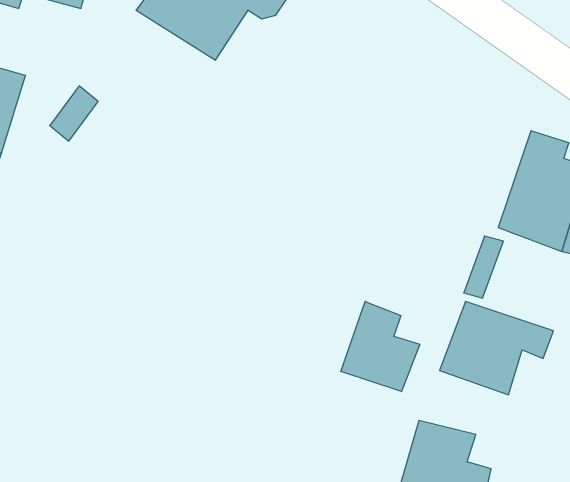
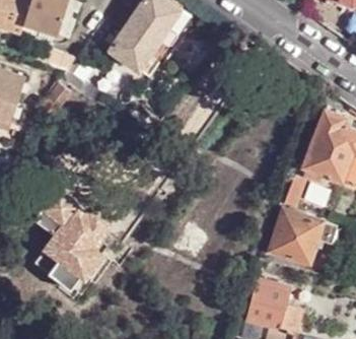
building: none -> [34,193,106,290]
building: [341,301,420,392] -> none

